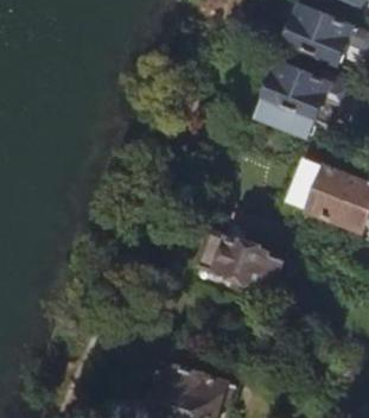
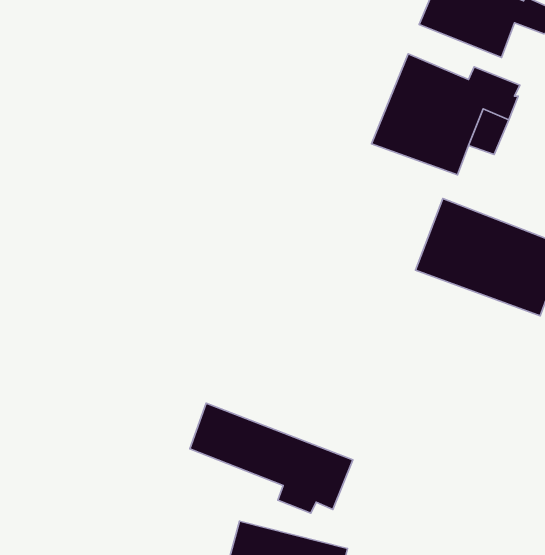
building: [179,226,285,297] -> [190,403,353,513]

